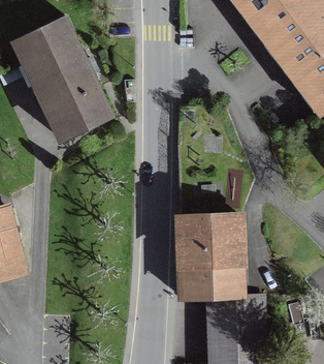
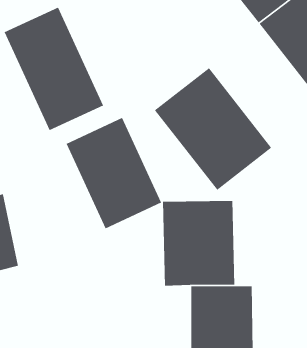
building: none -> [154,67,272,191]
building: none -> [66,117,162,230]

